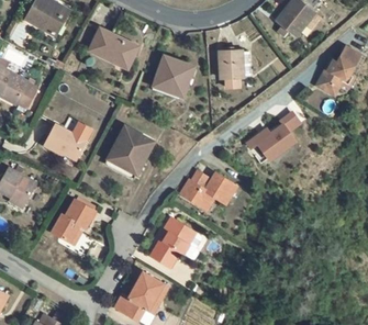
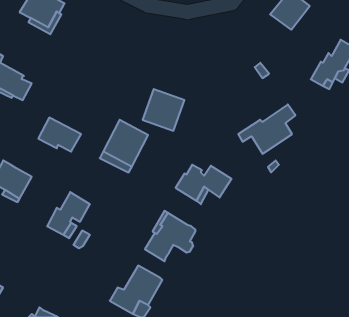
building: [88,27,138,68] -> none
building: [218,51,249,86] -> none
building: [152,55,193,97] -> [143,89,184,131]

